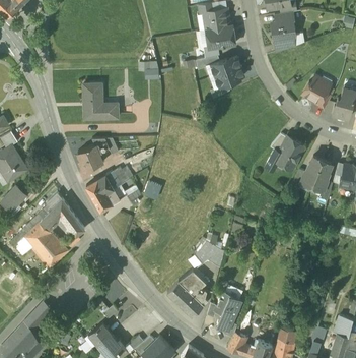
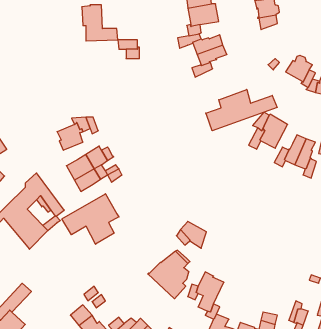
building: [82,82,118,118] -> [82,5,118,41]
building: none -> [206,89,277,131]
building: none -> [62,194,119,244]

